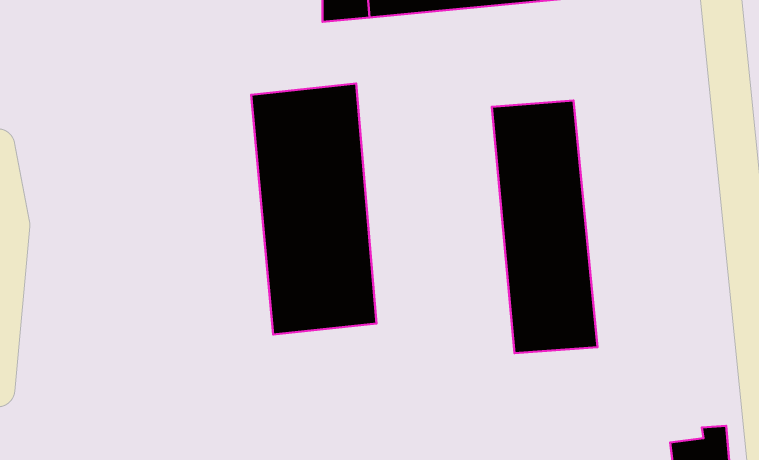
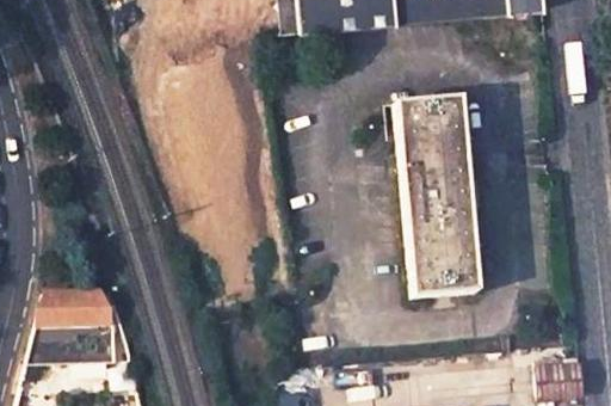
building: [251,83,376,334] -> none
building: none -> [29,291,117,364]

